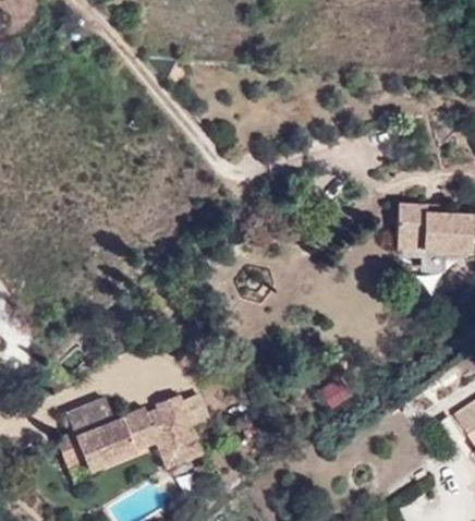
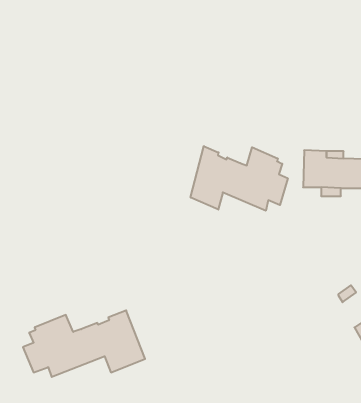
building: none -> [191,146,288,211]

